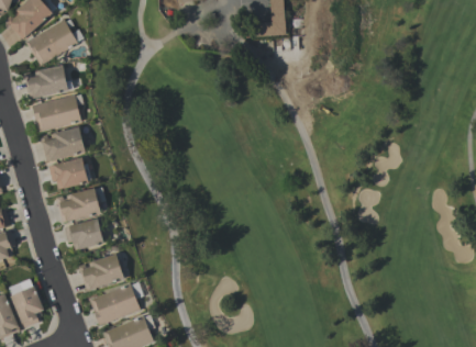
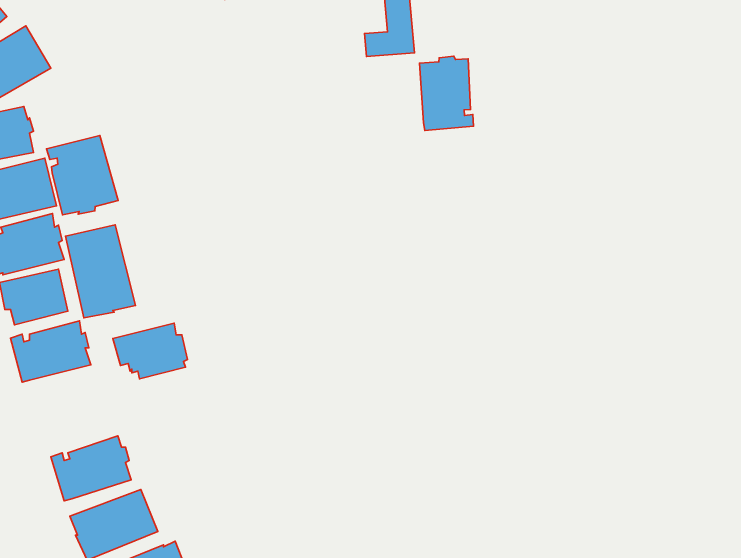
building: none -> [419,56,474,130]
building: none -> [47,135,118,215]
building: none -> [65,225,135,318]
building: [63,219,106,250] -> [113,323,187,379]

